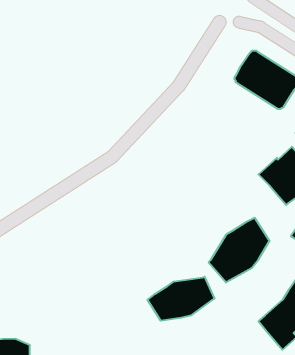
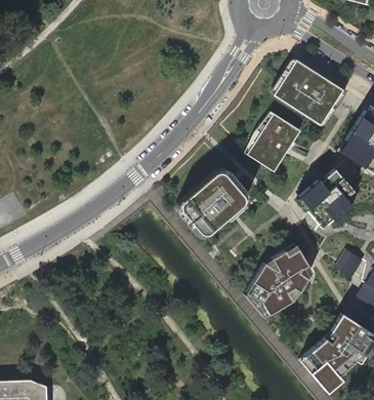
building: none -> [247,110,303,170]
building: none -> [176,168,245,235]
building: [147,277,214,321] -> none

